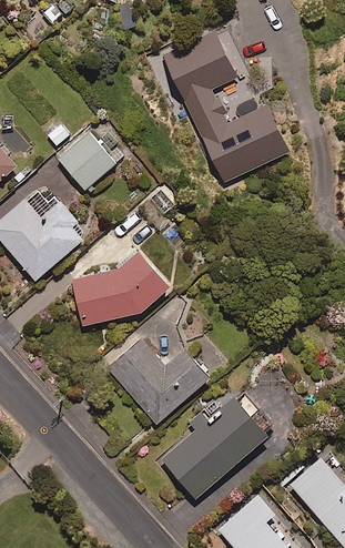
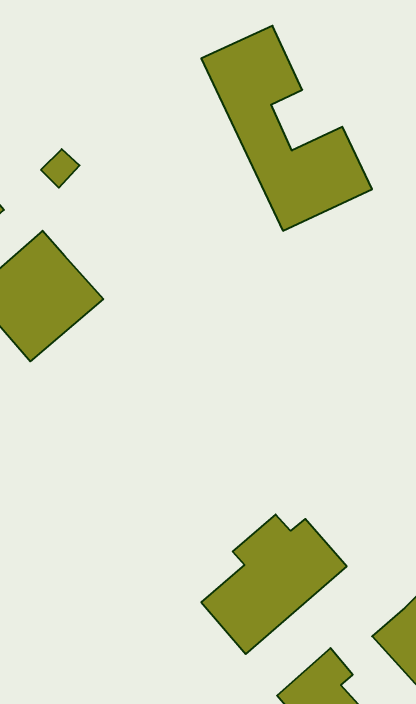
building: [57,132,114,190] -> none
building: [72,253,170,324] -> none
building: [108,338,210,425] -> none

